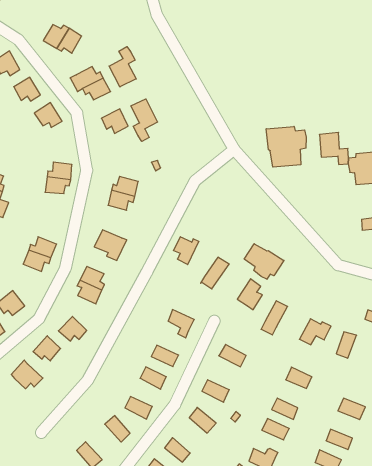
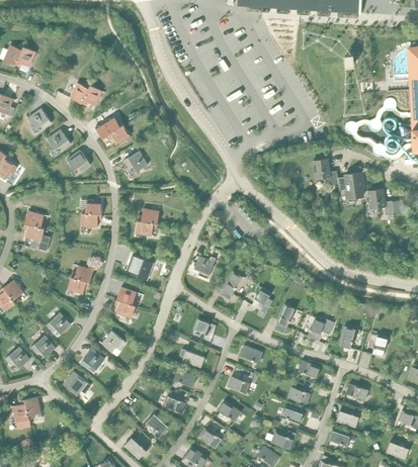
building: [109,47,136,87] -> none
building: [131,99,158,141] -> none
building: [266,126,306,167] -> none
building: [244,244,284,279] -> none

